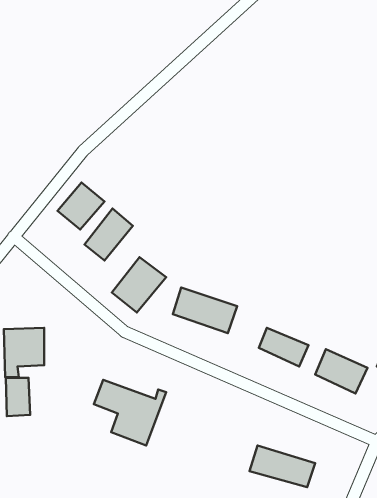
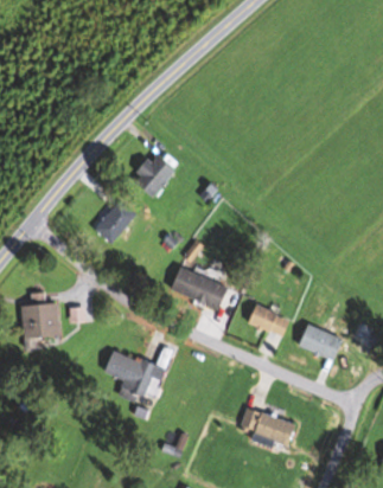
building: [57,183,104,230] -> [135,150,177,192]
building: [112,257,166,312] -> none
building: [6,378,30,416] -> none

